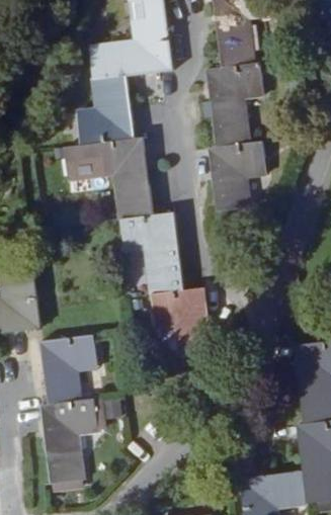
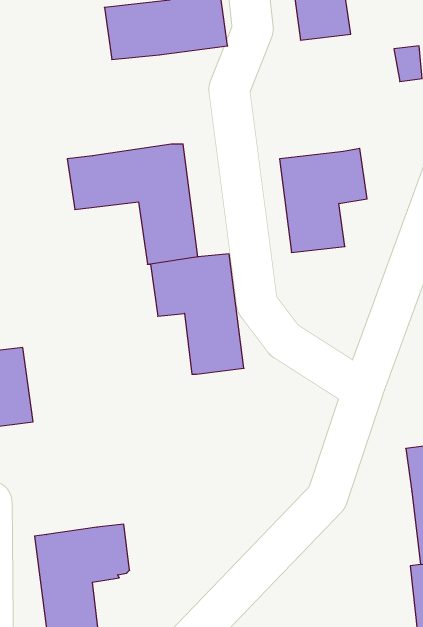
building: [206,62,263,147] -> none
building: [75,77,134,146] -> none
building: [151,287,212,356] -> none
building: [40,335,98,404] -> none

